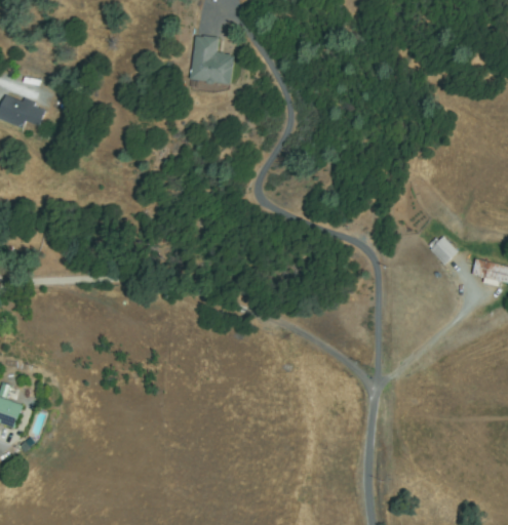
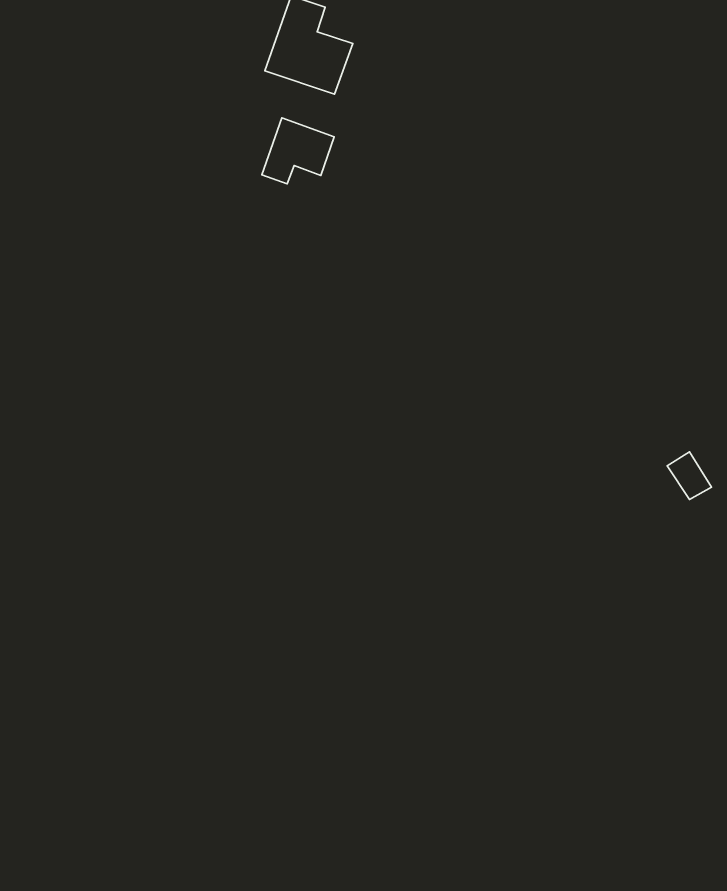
building: none -> [262,118,334,184]

